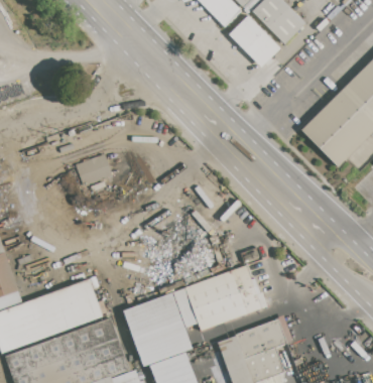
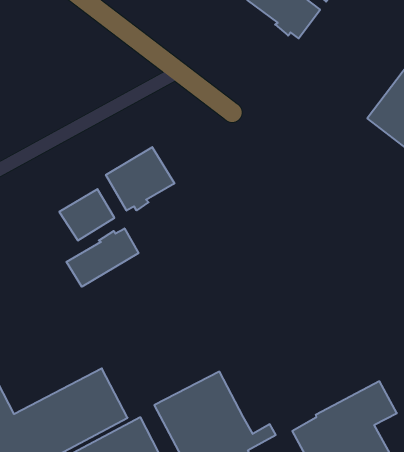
building: none -> [106,147,174,211]
building: none -> [66,228,138,287]
building: [172,266,267,331] -> none

